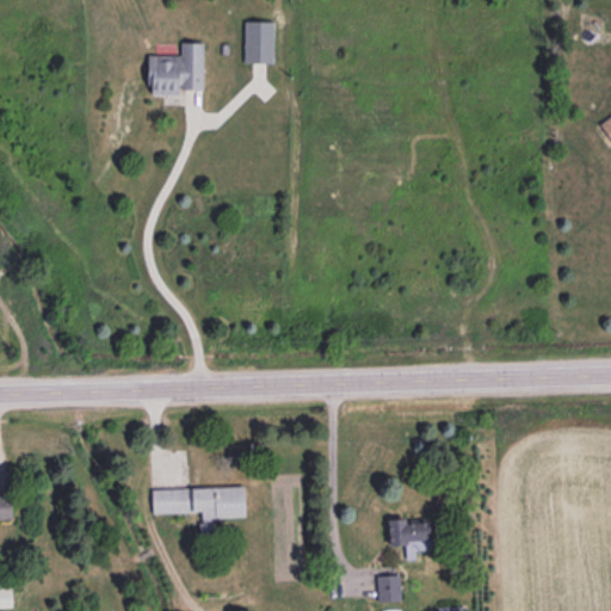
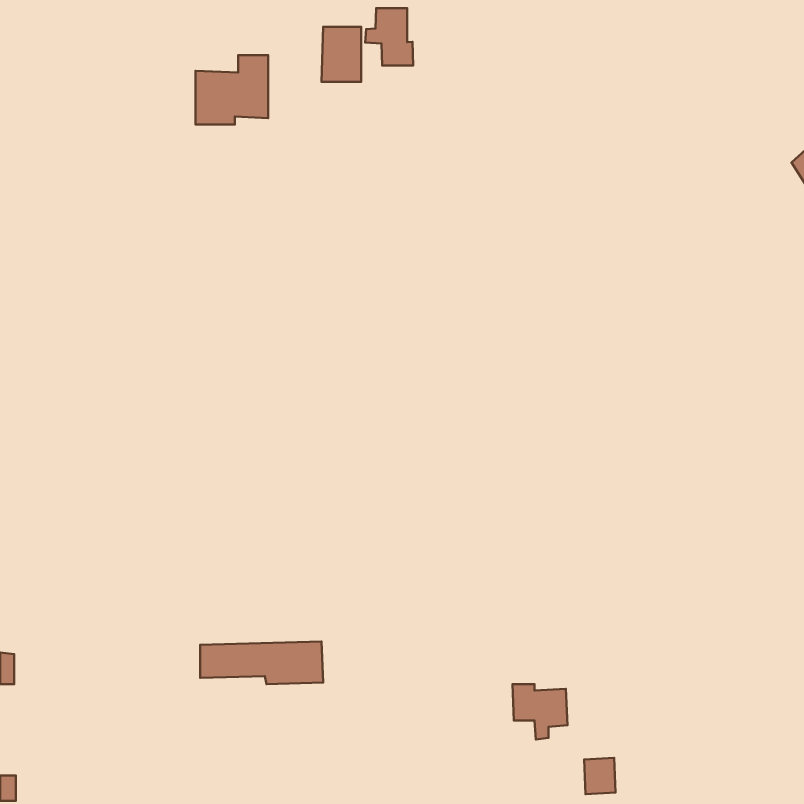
building: none -> [365,8,413,65]
building: [377,575,401,603] -> [584,758,616,794]

